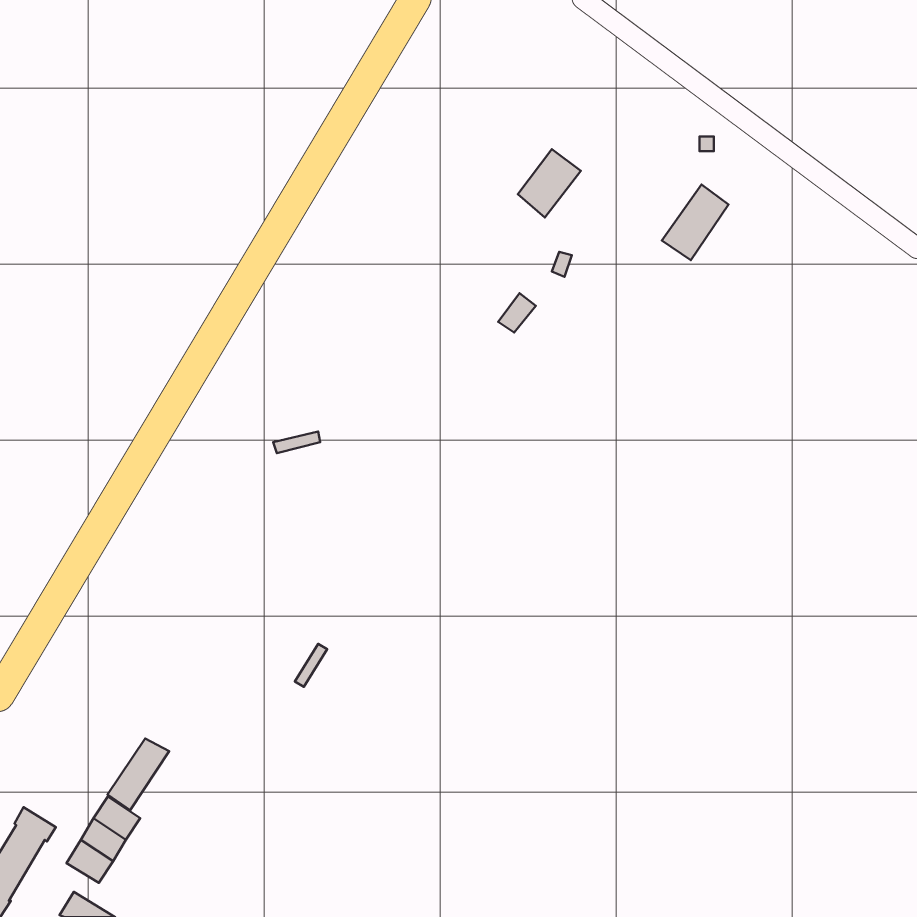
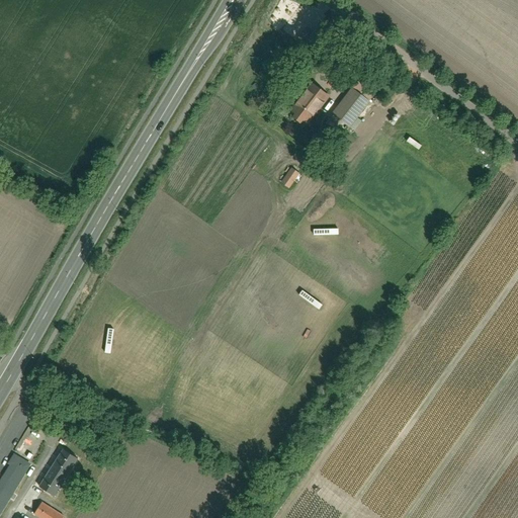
building: [662,185,728,260] -> [328,86,365,128]
building: [108,738,169,810] -> none

